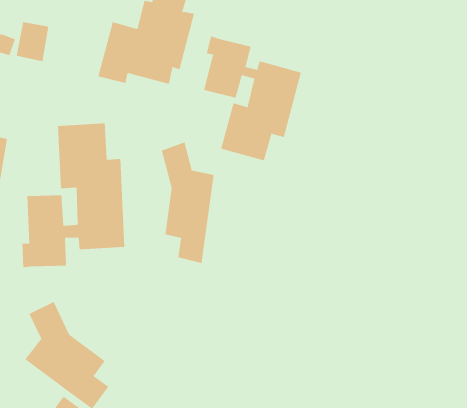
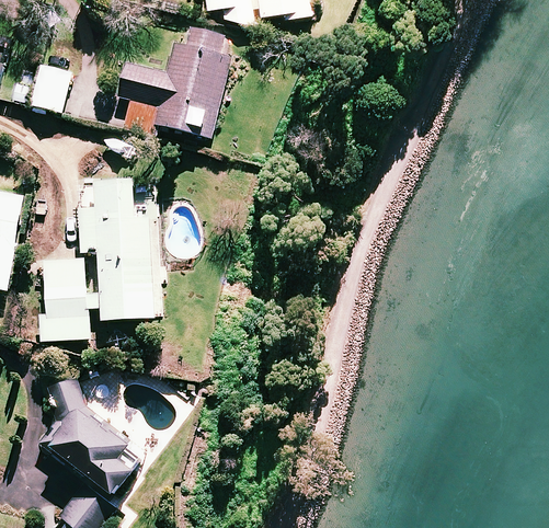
building: [203,36,301,161] -> none
building: [161,142,214,264] -> none

